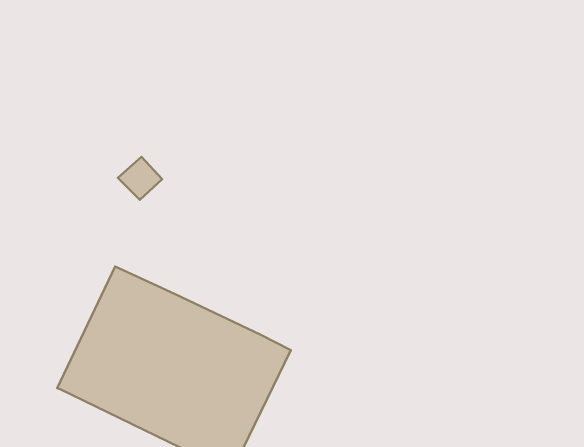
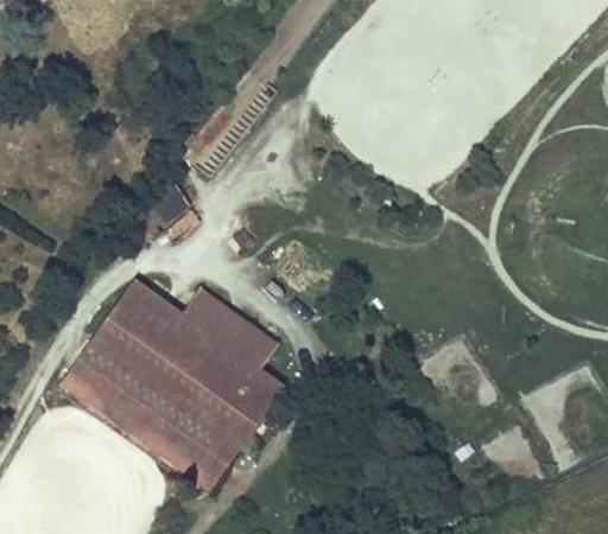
building: none -> [185,291,274,367]

